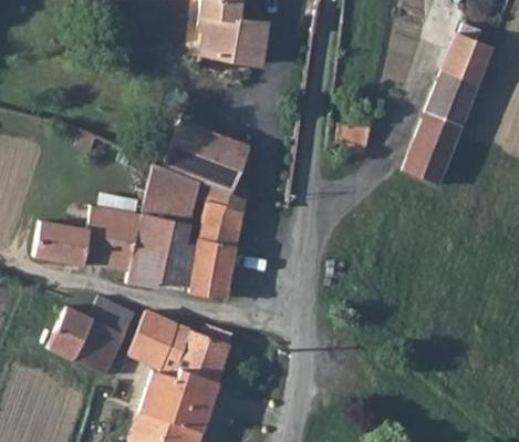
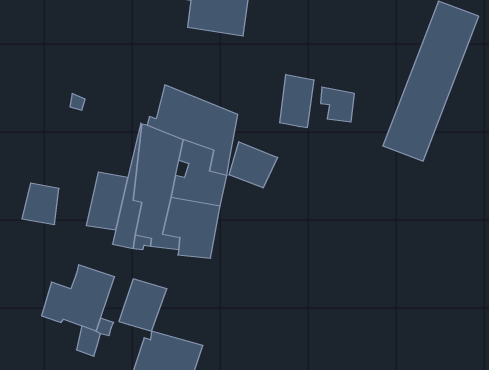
building: none -> [280,74,314,128]
building: none -> [229,142,278,188]
building: [66,201,111,259] -> none
building: [165,322,230,380] -> none

